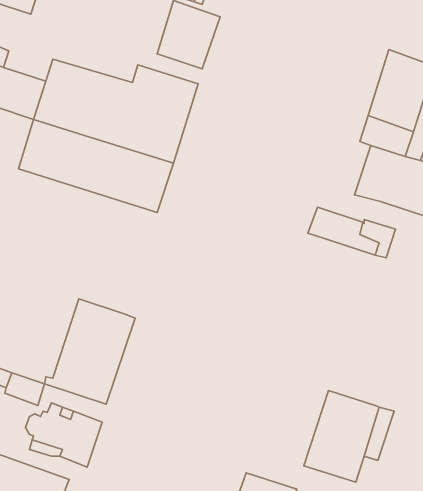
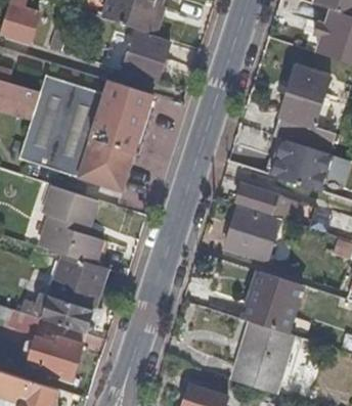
building: none -> [42,184,105,265]
building: none -> [224,209,274,260]
building: none -> [243,271,302,333]

